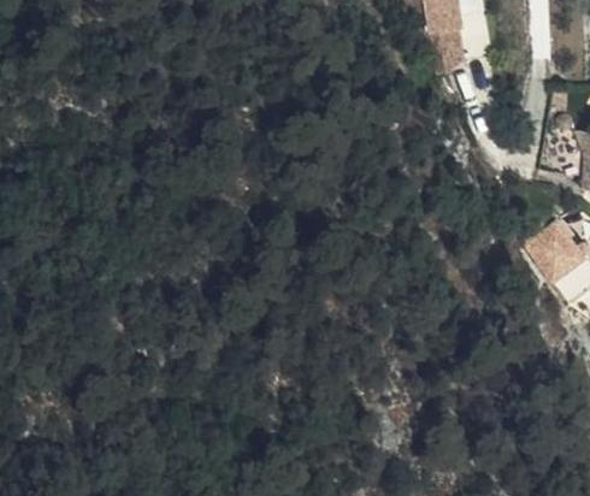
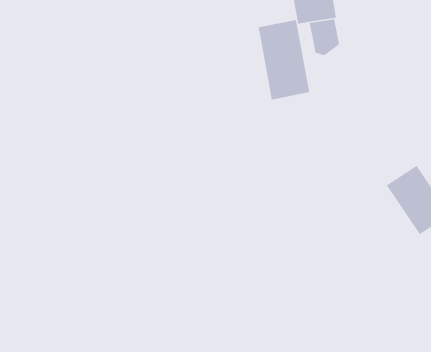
building: none -> [258,19,310,100]

